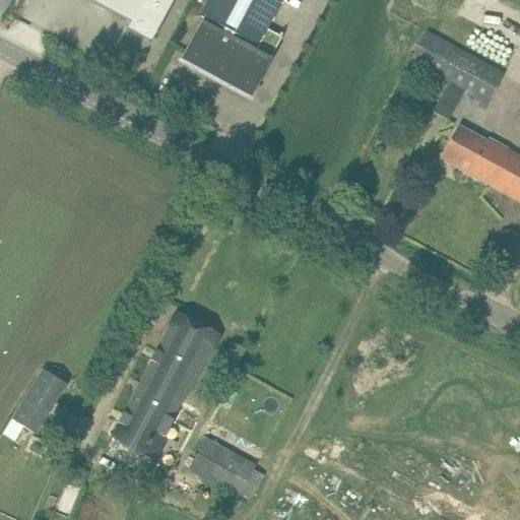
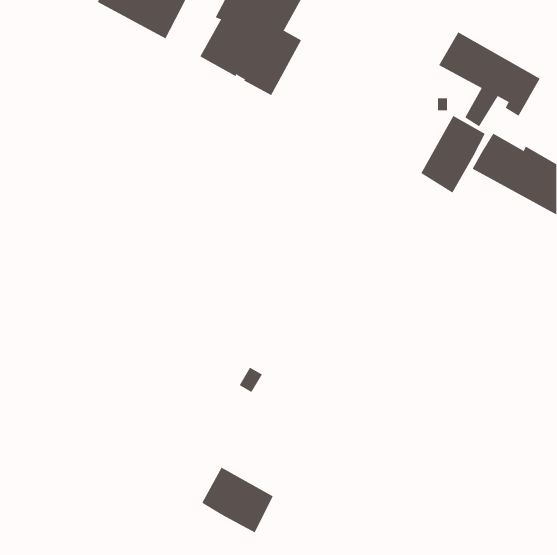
building: none -> [421,115,486,193]
building: [115,315,218,454] -> none
building: [11,368,67,433] -> none

